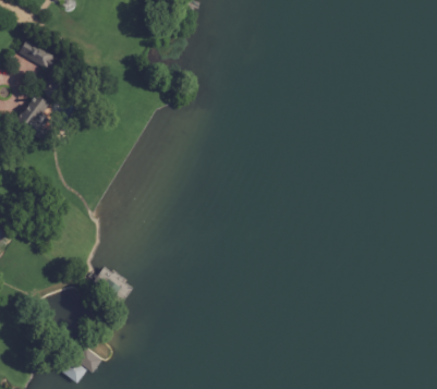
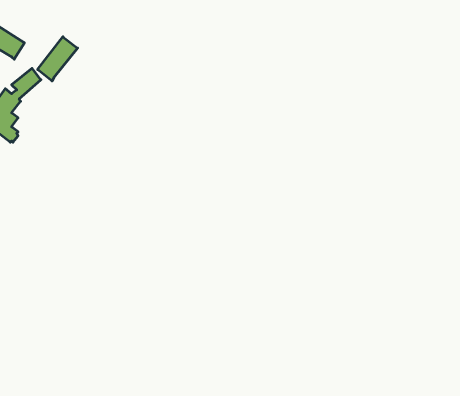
building: none -> [38,37,78,81]

